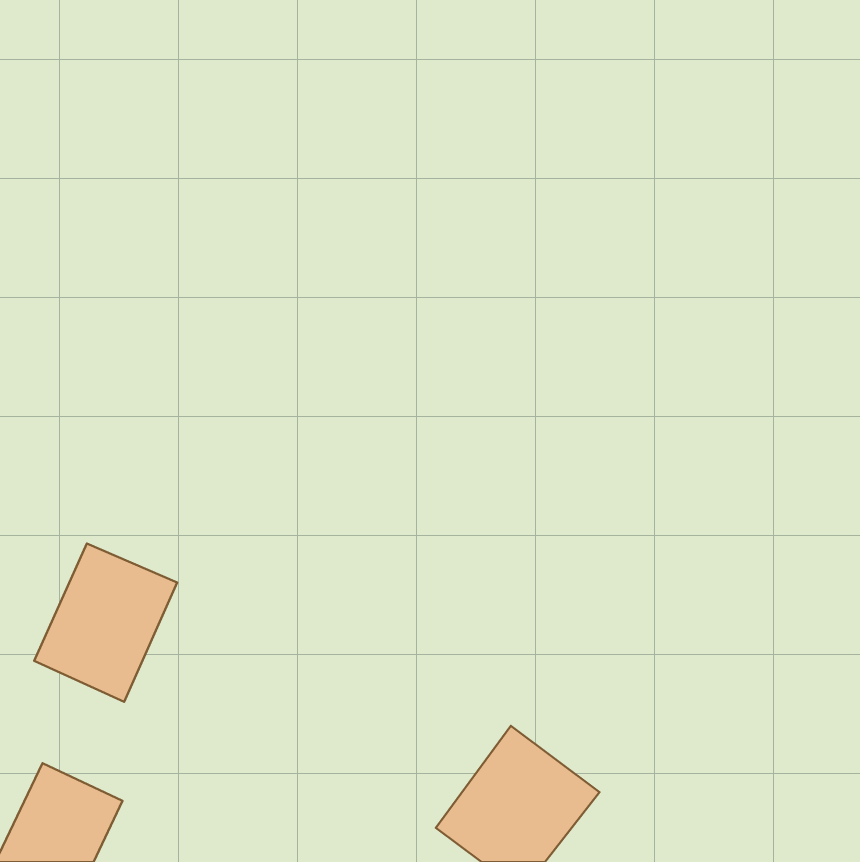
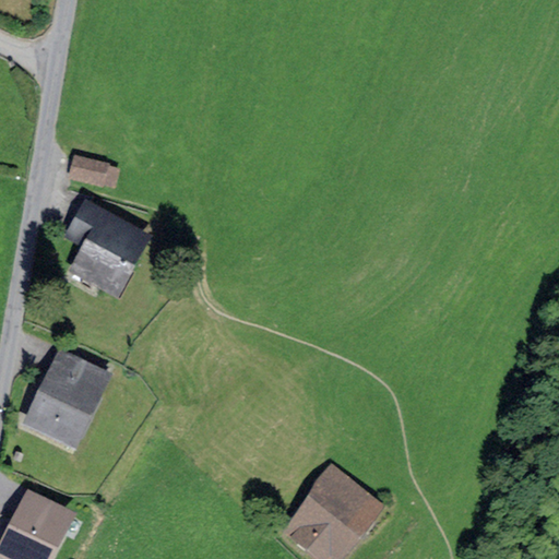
building: none -> [64,155,108,186]
building: none -> [62,201,148,296]

